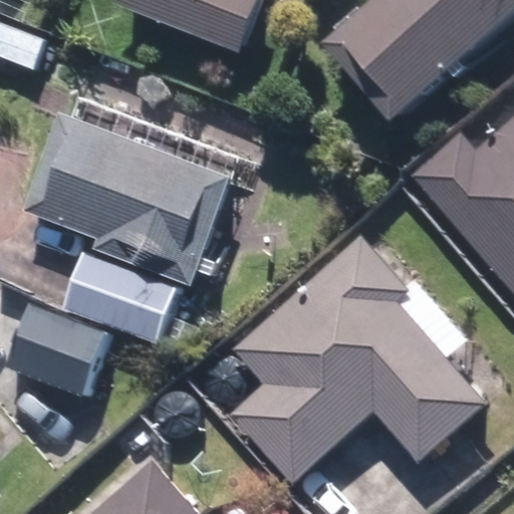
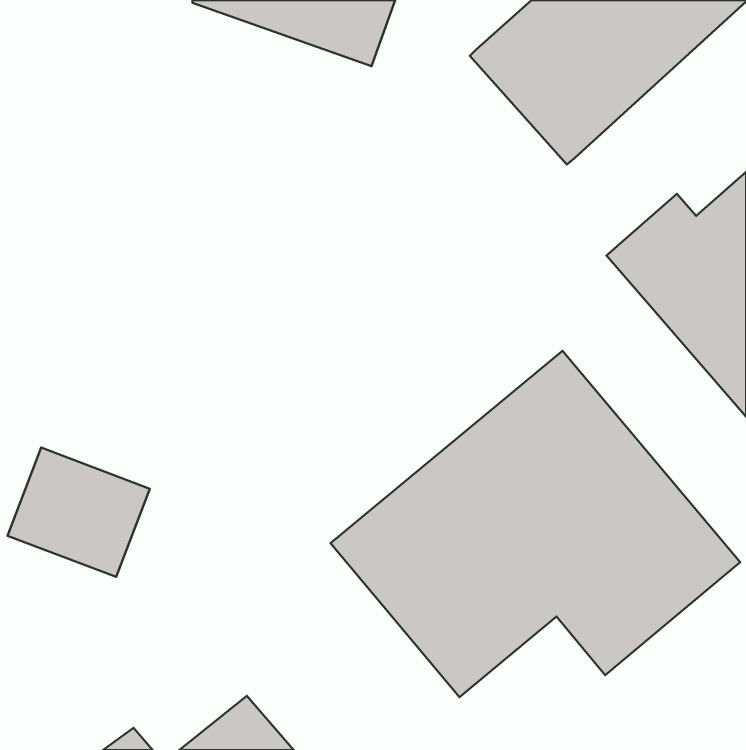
building: [26,117,224,283] -> none
building: [59,255,172,342] -> none

